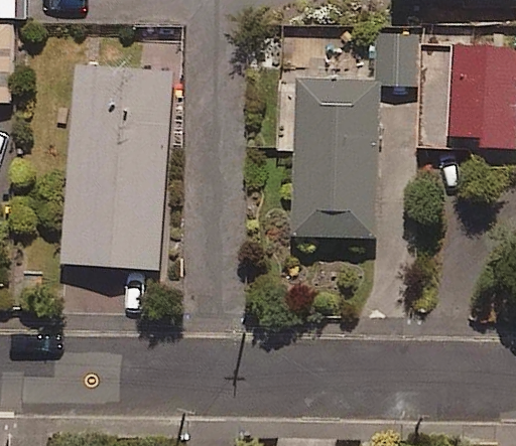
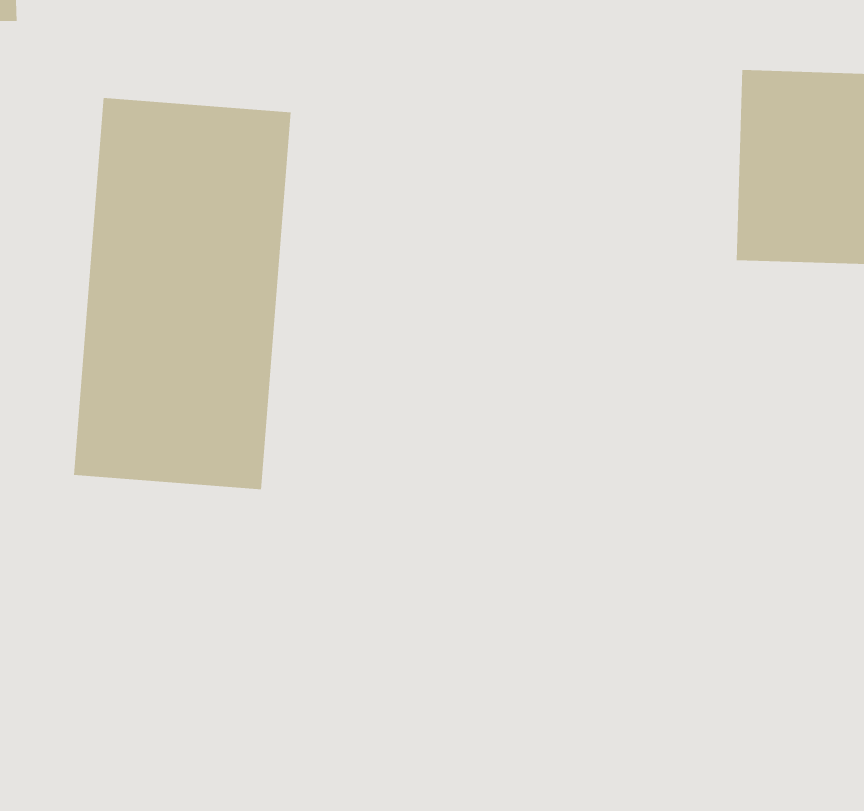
building: [296,33,418,238] -> none

